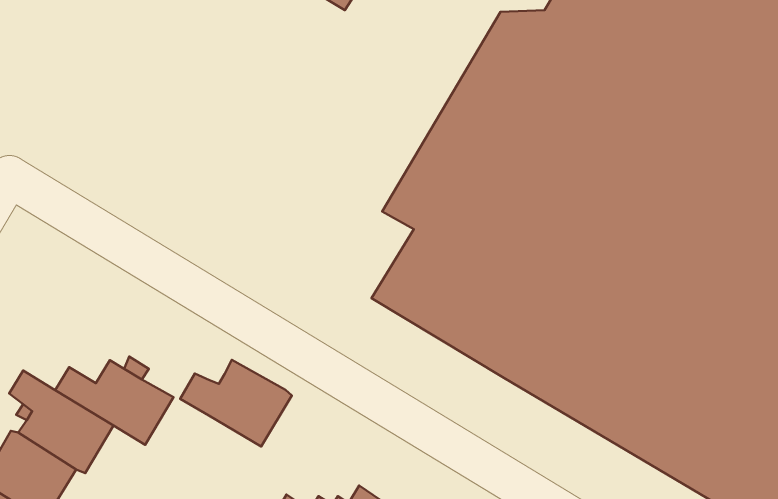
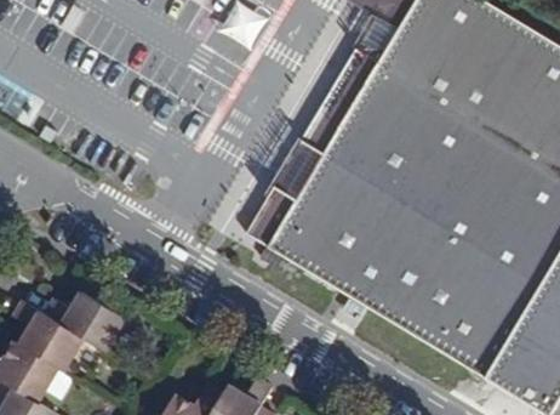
building: none -> [246,186,297,246]
building: [180,360,292,447] -> none

